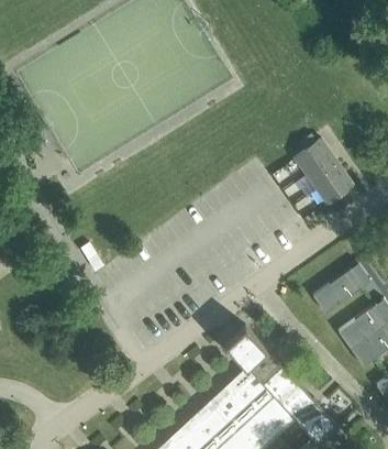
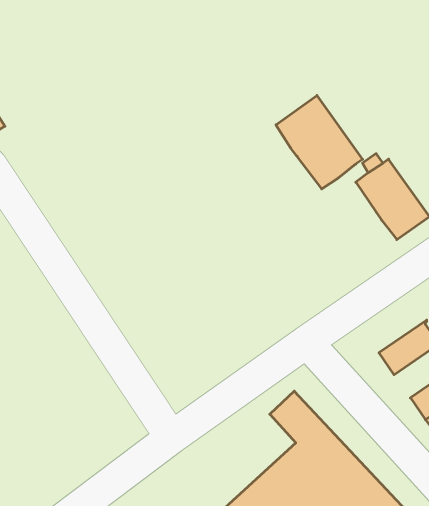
building: none -> [276,95,363,189]

